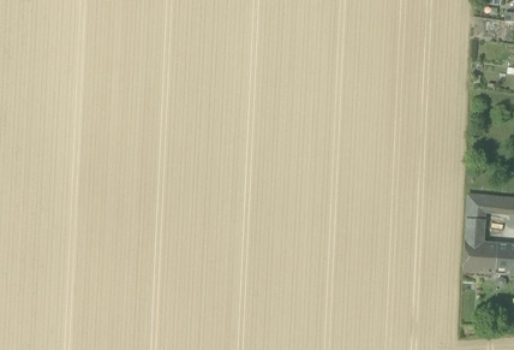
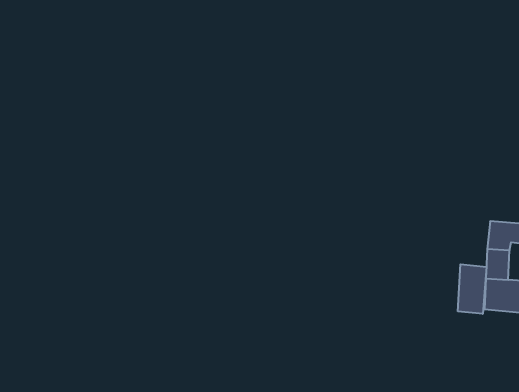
building: none -> [458,264,486,314]

